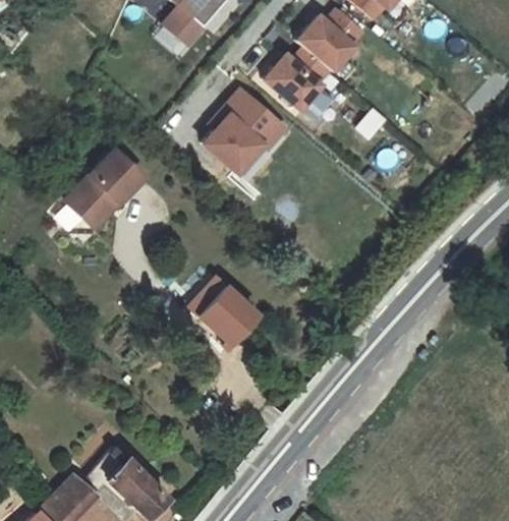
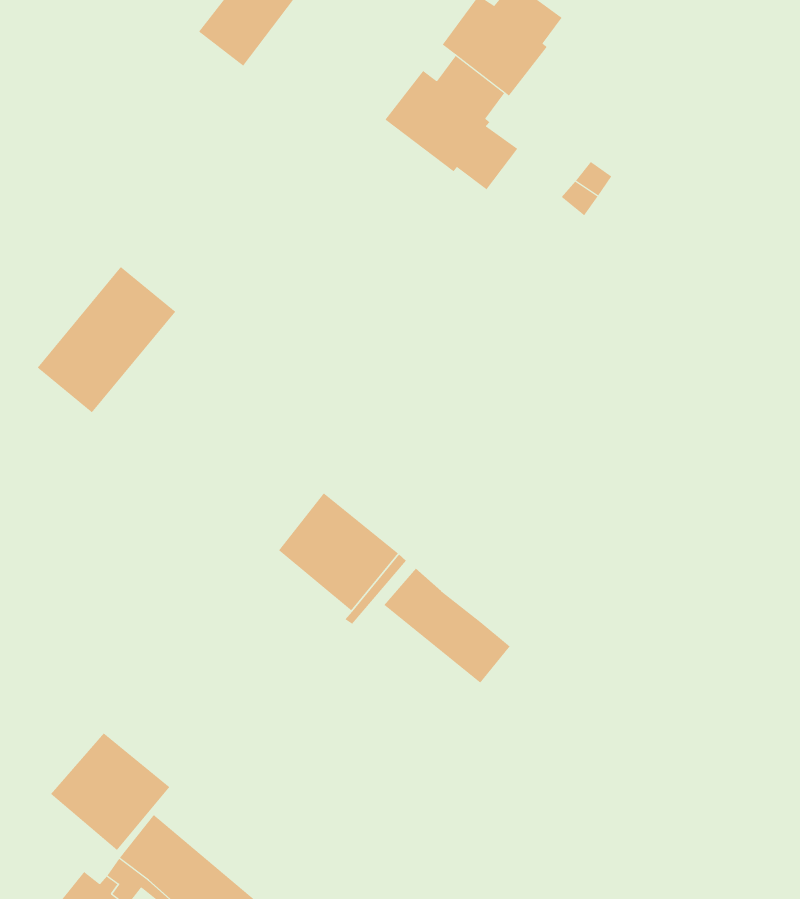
building: [205,82,292,176] -> none
building: none -> [384,568,511,684]
building: none -> [50,732,170,851]

